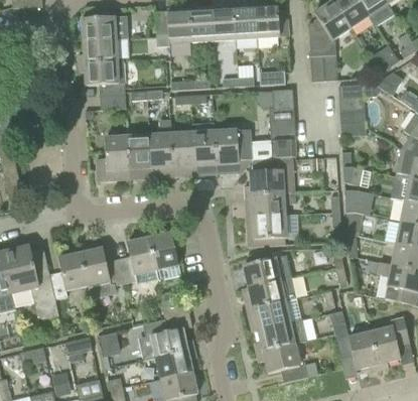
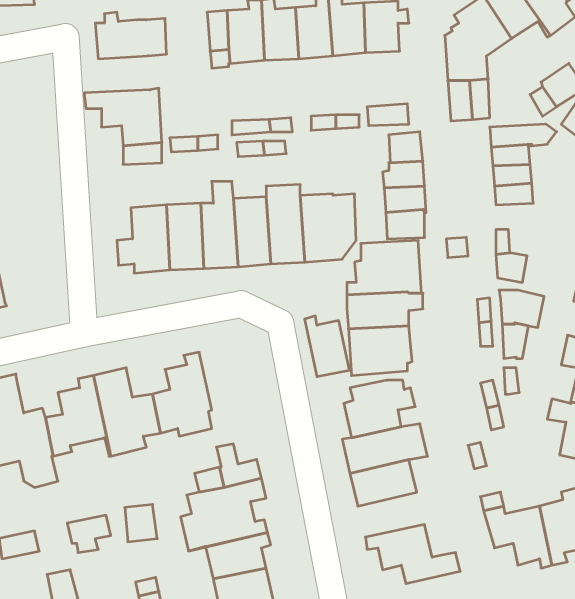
building: [75,39,117,63] -> none
building: [149,230,178,269] -> [305,316,350,377]
building: [252,319,307,352] -> none

